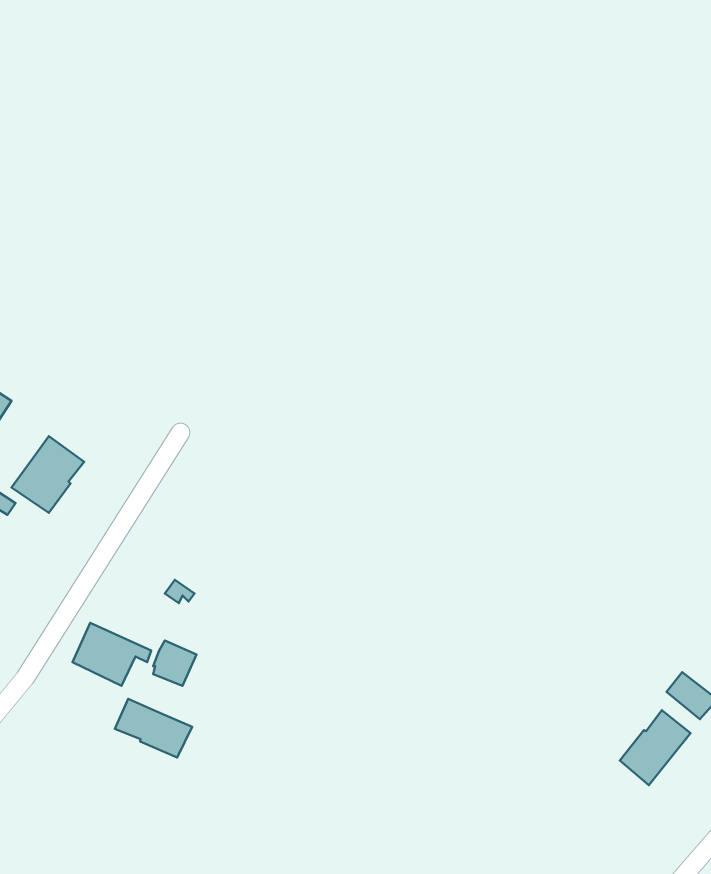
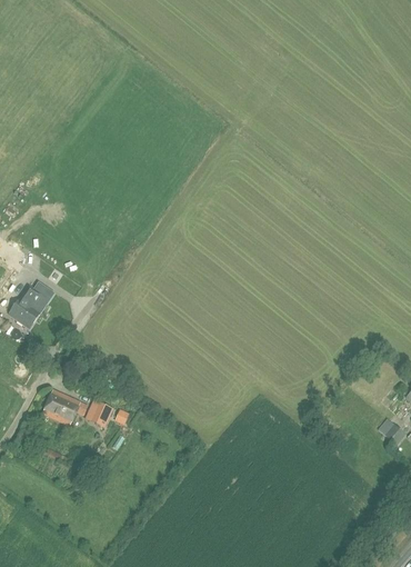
building: [115,699,192,757] -> none
building: [620,710,690,785] -> none

